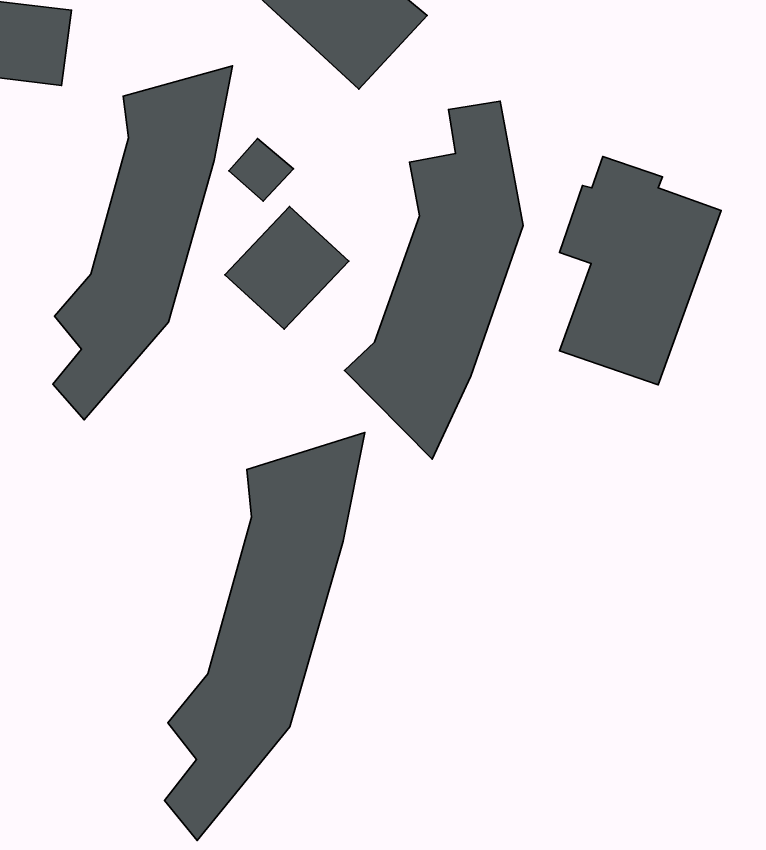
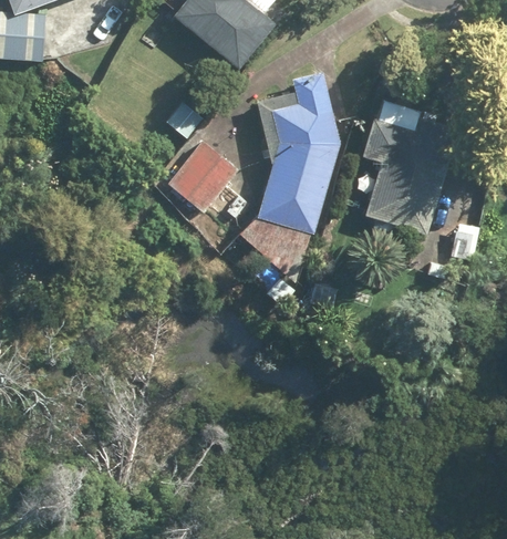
building: [53,66,233,420] -> none
building: [165,432,365,840] -> none

